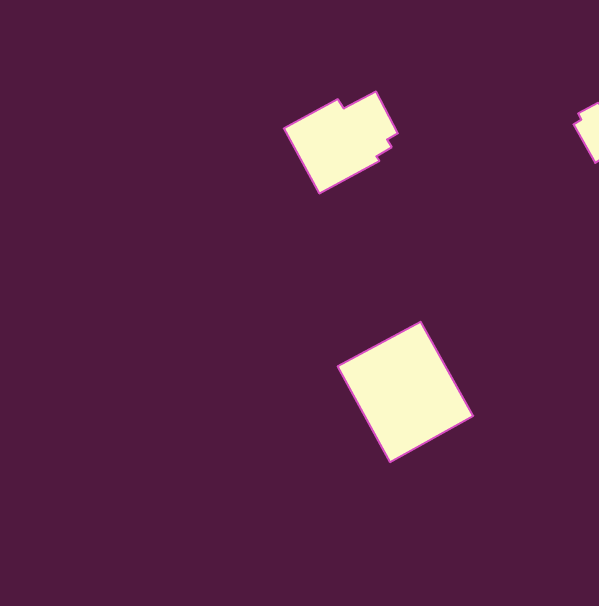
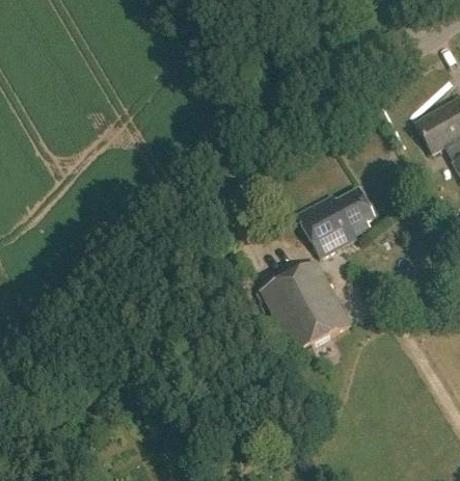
building: [284,92,398,193] -> [295,187,372,256]

